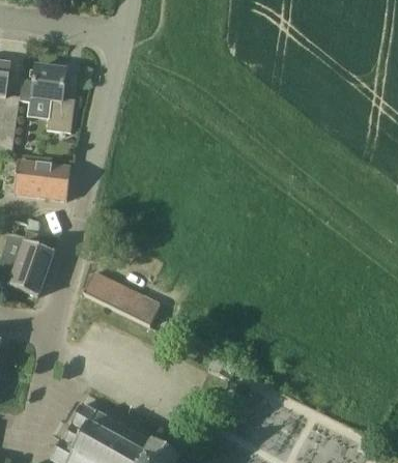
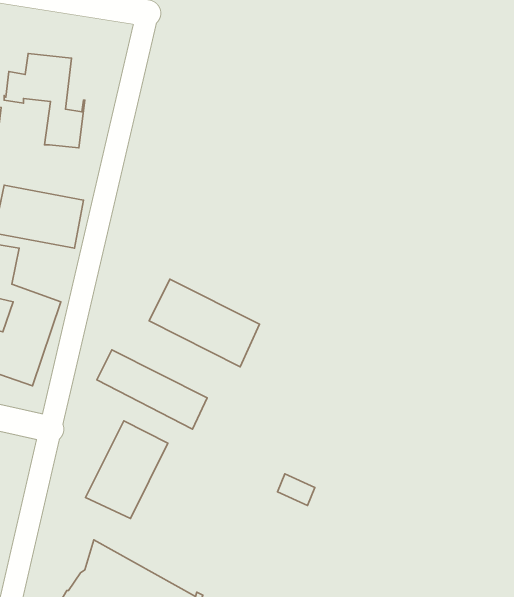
building: none -> [149,279,259,367]
building: none -> [85,421,168,518]

